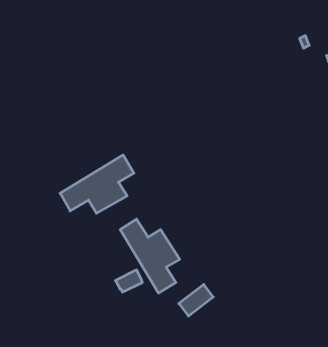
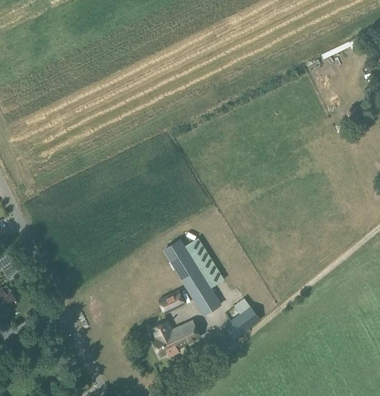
building: [60,155,134,213] -> none
building: none -> [153,320,200,357]

